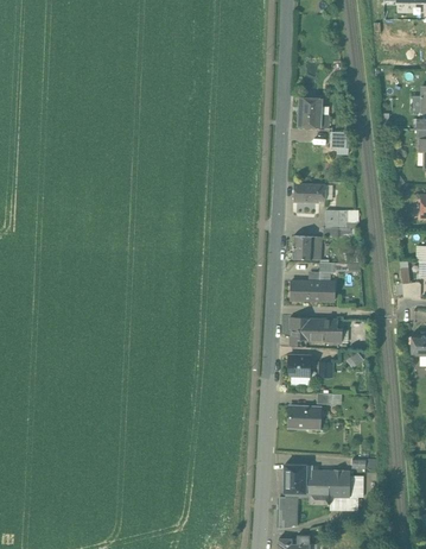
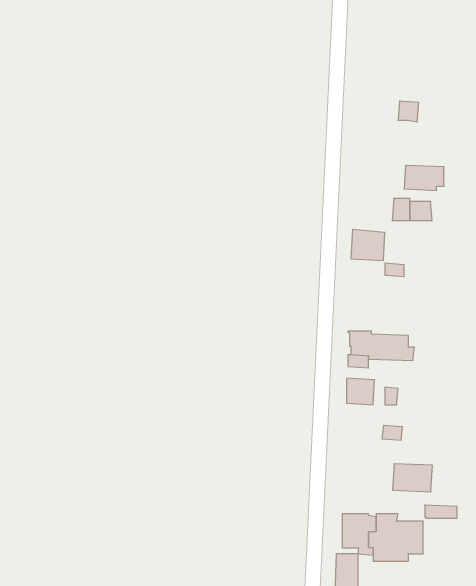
building: [298,96,329,128] -> none
building: [293,183,325,203] -> [404,165,444,190]
building: [291,282,335,302] -> none
building: [288,406,320,429] -> [393,464,432,492]

